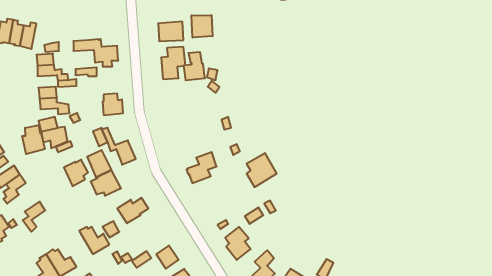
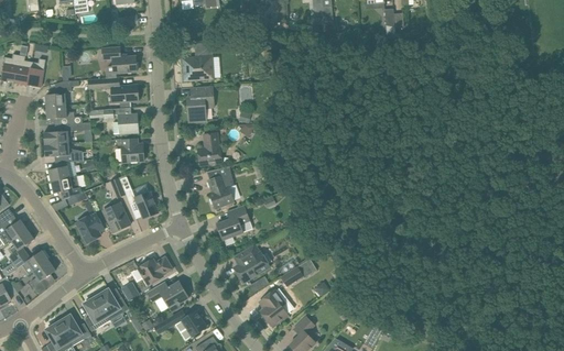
building: none -> [98,46,137,77]
building: [191,15,213,38] -> none
building: [184,52,205,80] -> [197,132,221,164]
building: none -> [112,112,140,133]
building: none -> [206,165,234,208]
building: [22,125,45,154] -> none
building: [247,153,277,187] -> [234,243,268,282]
building: [91,170,121,196] -> none
building: none -> [12,250,48,276]
building: none -> [147,279,188,311]
building: none -> [84,293,109,330]

